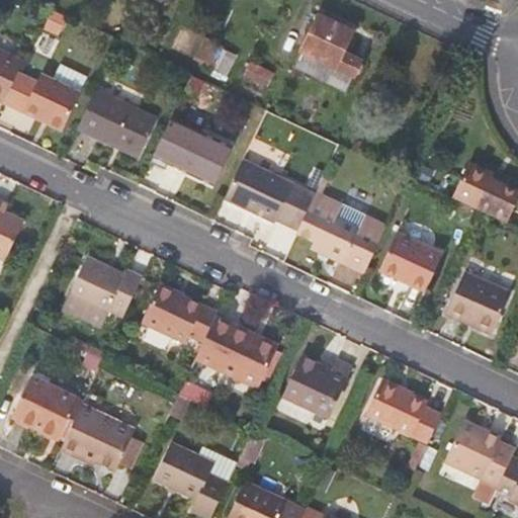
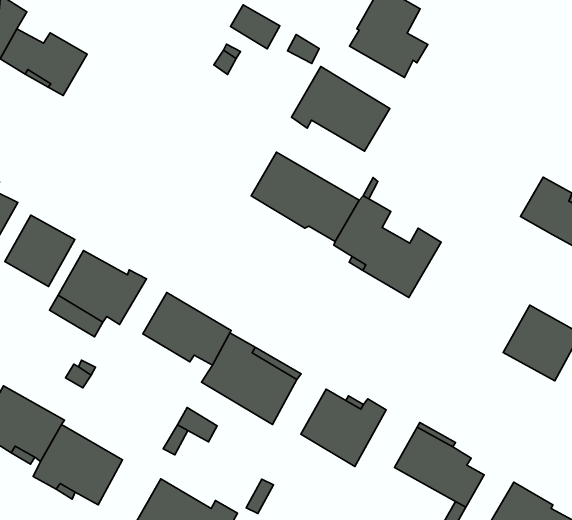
building: [78,90,157,157] -> none
building: [151,117,233,185] -> [291,67,390,151]
building: none -> [5,215,75,286]
building: [380,231,443,290] -> none

